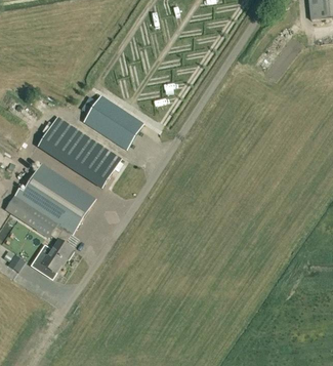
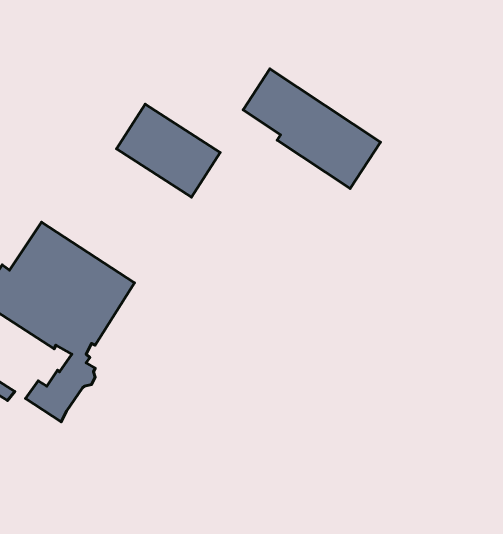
building: [42,116,121,185] -> [243,69,381,188]

